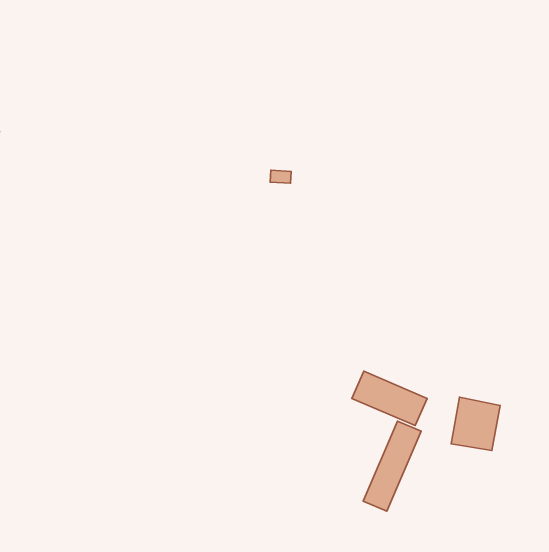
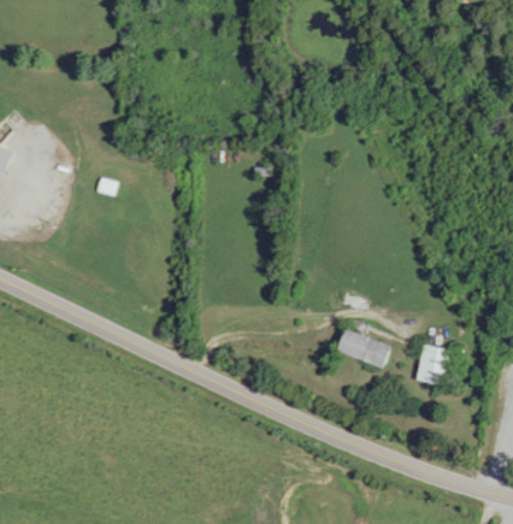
building: [363,421,421,511] -> none

